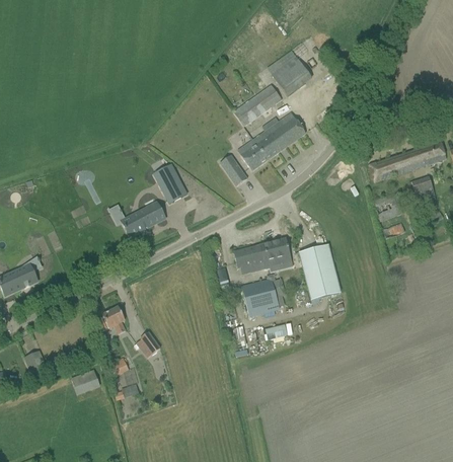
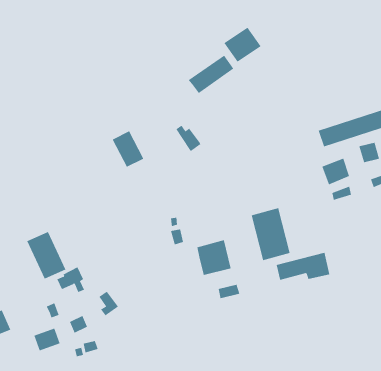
building: [240,112,306,170] -> none
building: [121,202,165,235] -> none
building: [234,238,291,267] -> [276,252,330,280]
building: none -> [26,231,66,280]

